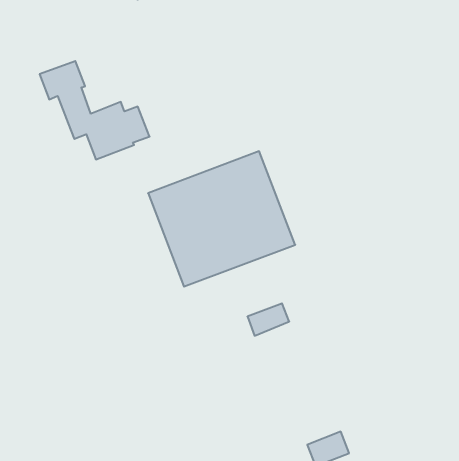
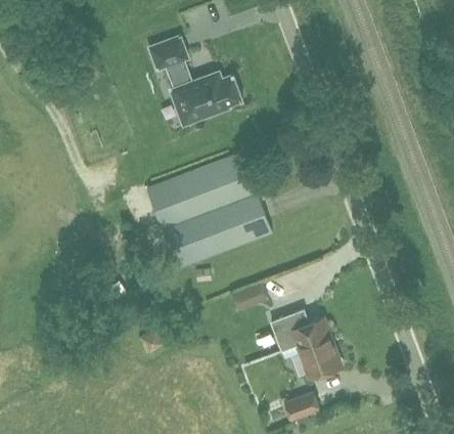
building: [40,61,150,159] -> [148,37,242,121]
building: none -> [269,311,343,380]

